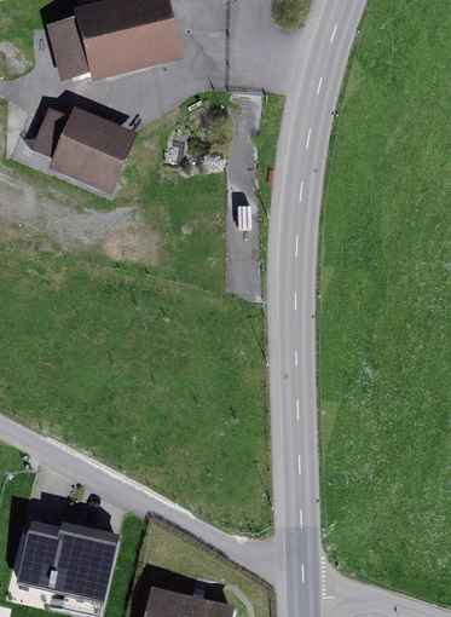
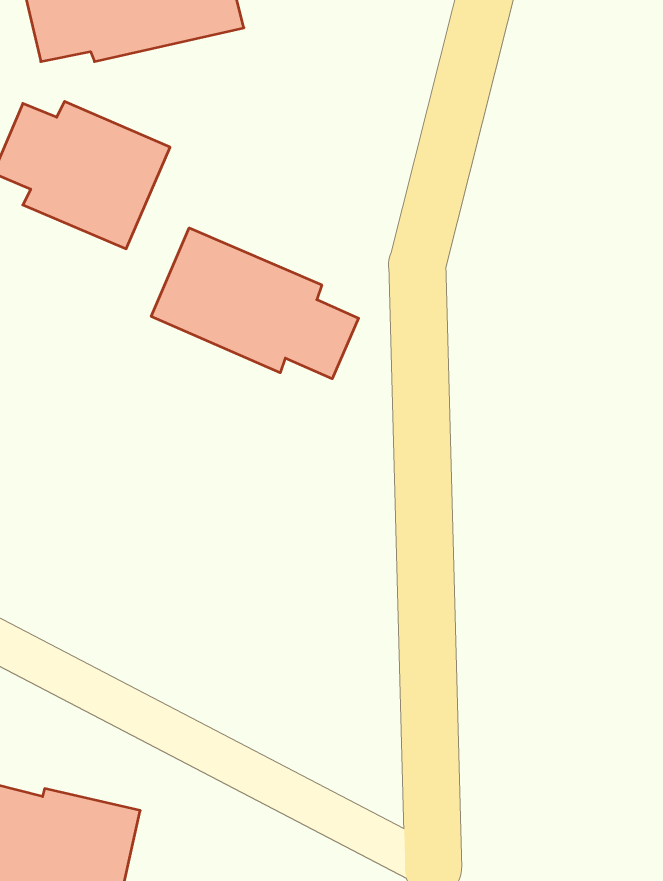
building: none -> [151,228,359,379]

